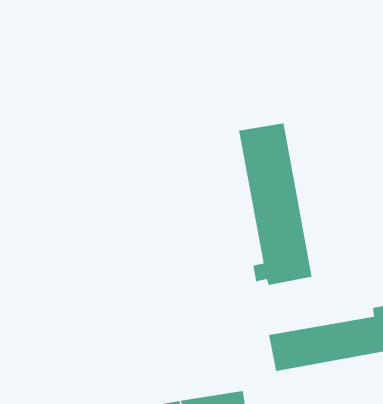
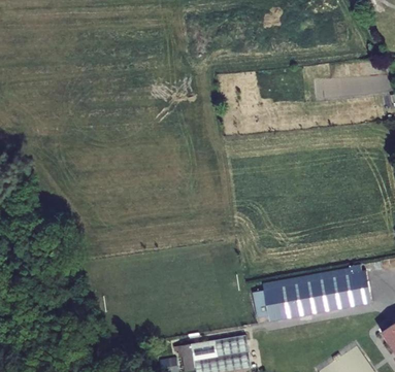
building: [238,123,312,286] -> none

